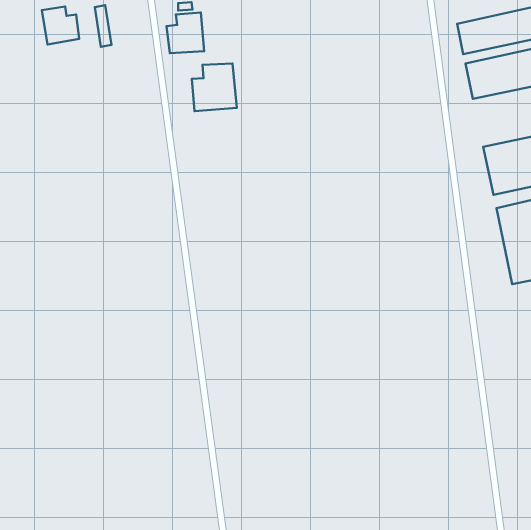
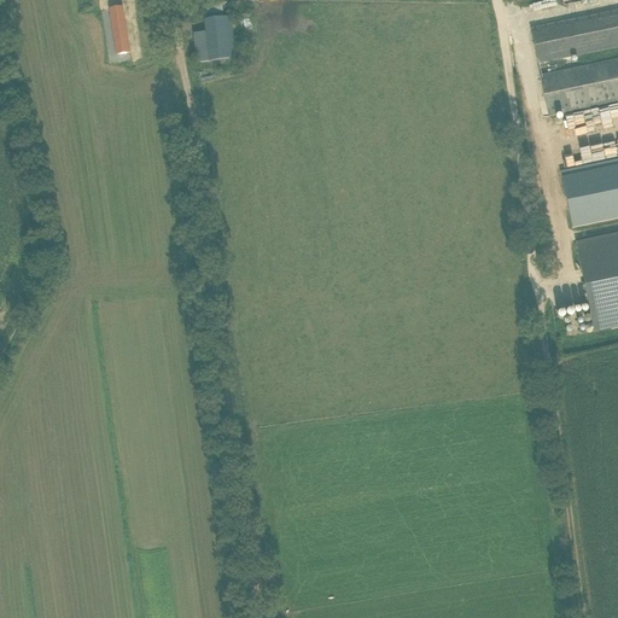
building: [42,7,79,44] -> none
building: [192,63,237,111] -> none

